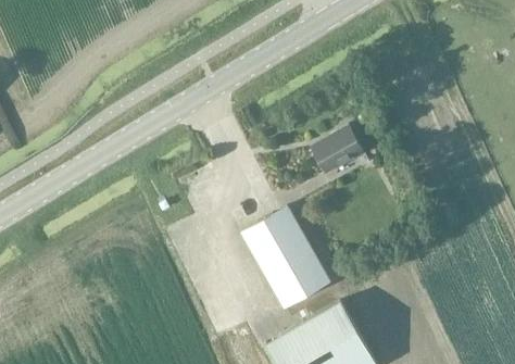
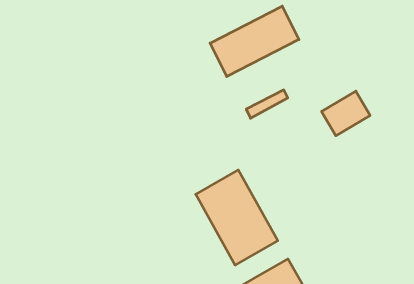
building: none -> [210,6,299,77]
building: [312,128,364,176] -> [322,91,370,136]

